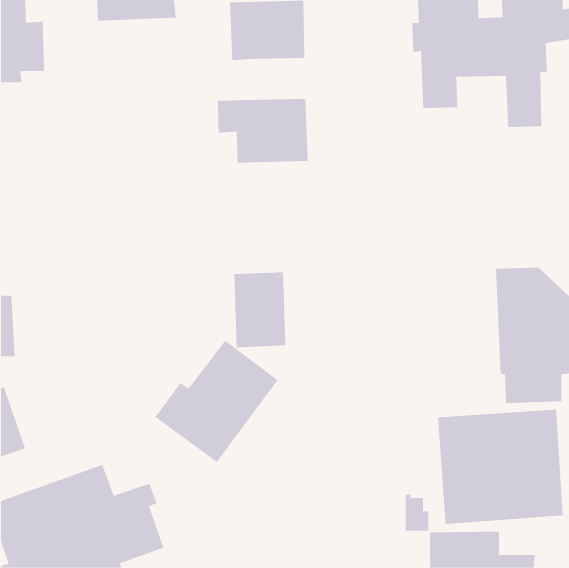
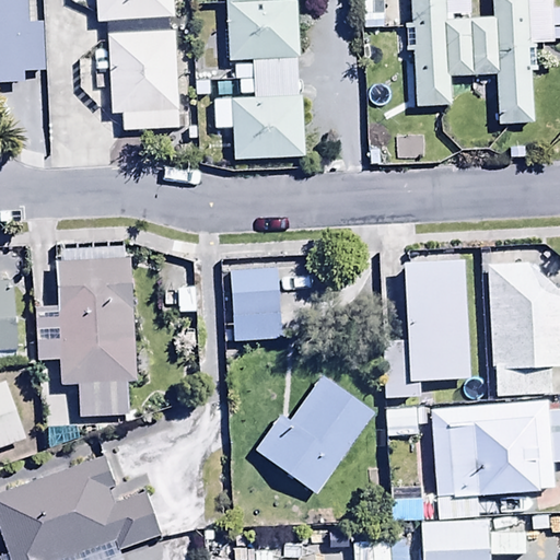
building: none -> [108,31,177,130]
building: none -> [234,57,302,97]
building: none -> [36,246,137,415]
building: none -> [383,258,470,397]
building: [155,340,279,463] -> [256,373,377,493]

